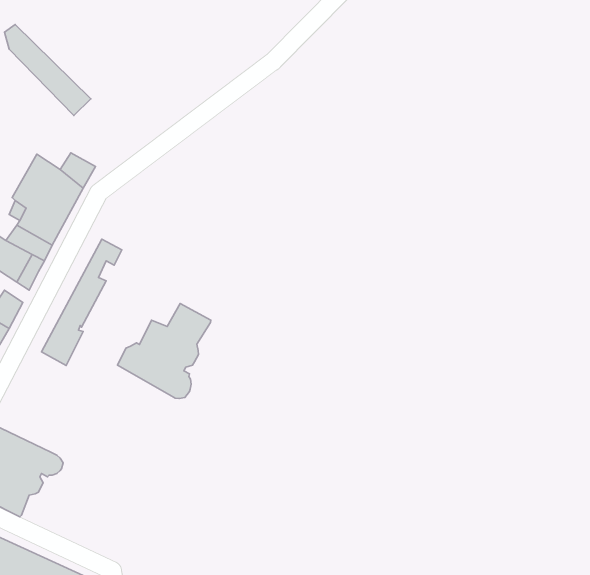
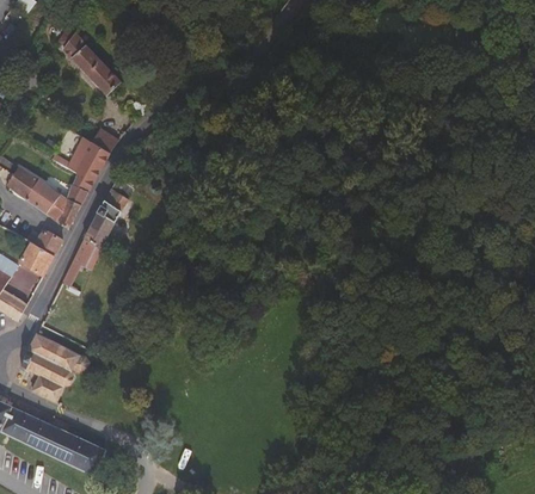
building: [117,304,211,398] -> none

